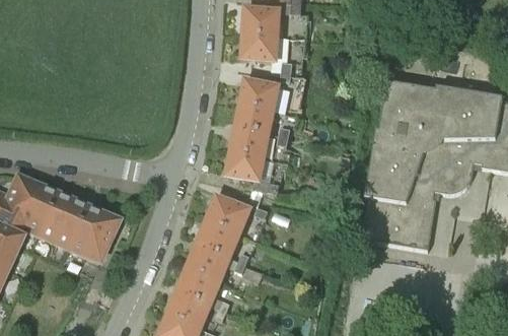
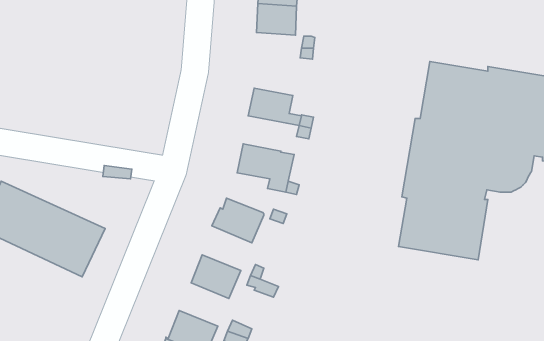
building: [240,79,277,110] -> none
building: [231,127,268,156] -> none
building: [197,219,238,257] -> none
building: [177,267,219,304] -> none

